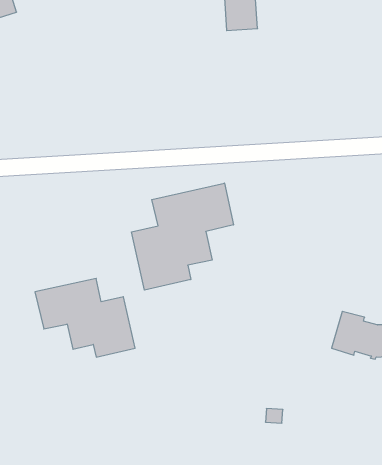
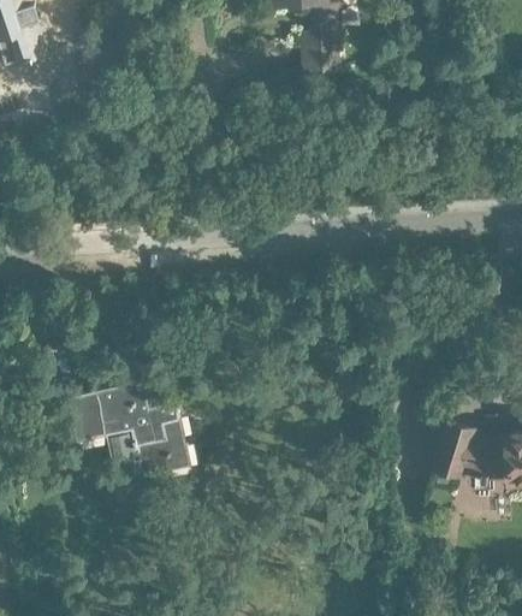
building: [132,183,233,290] -> none

